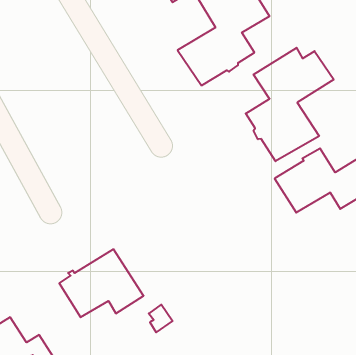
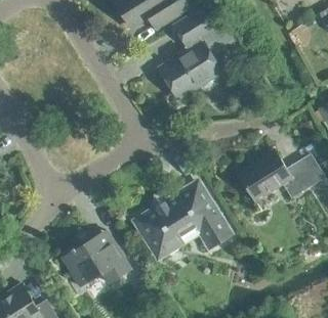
building: [246,48,334,161] -> none
building: none -> [134,181,233,257]

